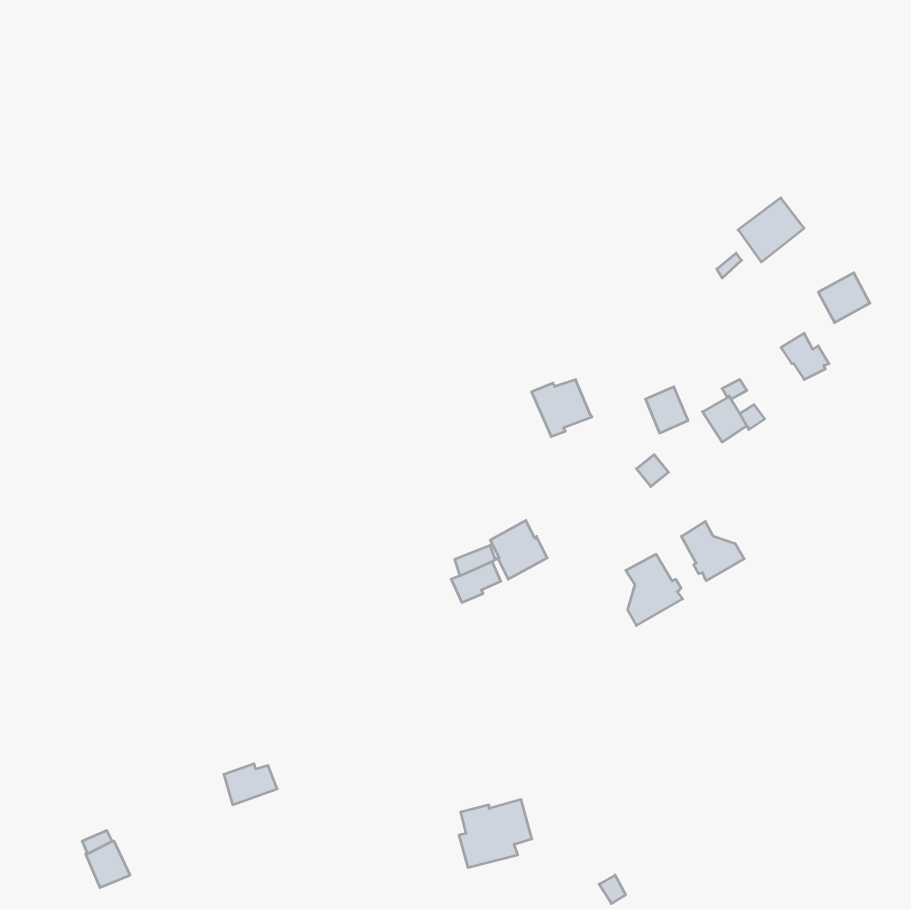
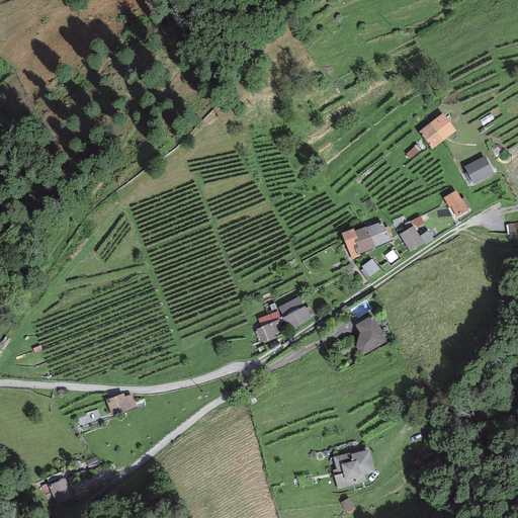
building: [532,380,592,437] -> [341,226,375,258]
building: [681,521,744,581] -> none
building: [224,764,277,805] -> [106,393,137,416]
building: [459,800,532,867] -> [333,449,374,488]

